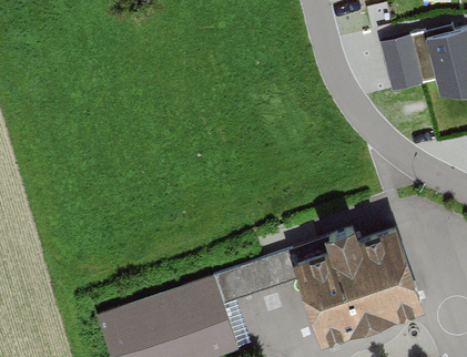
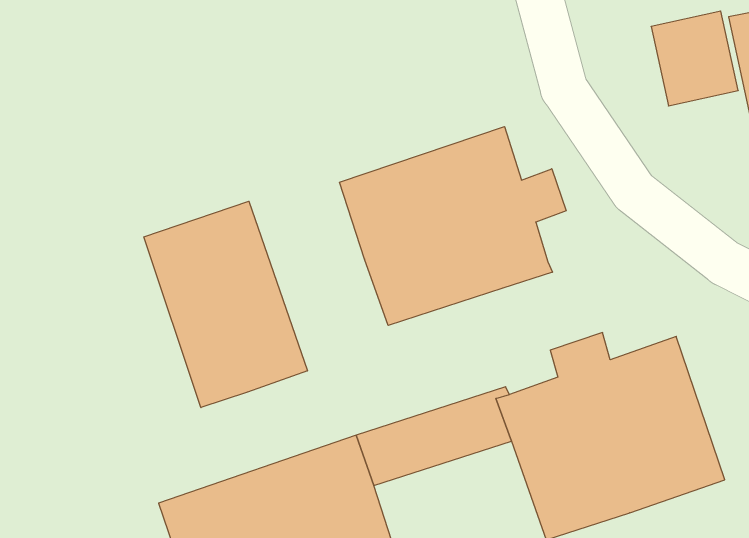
building: none -> [340,127,566,325]
building: none -> [144,201,307,408]

